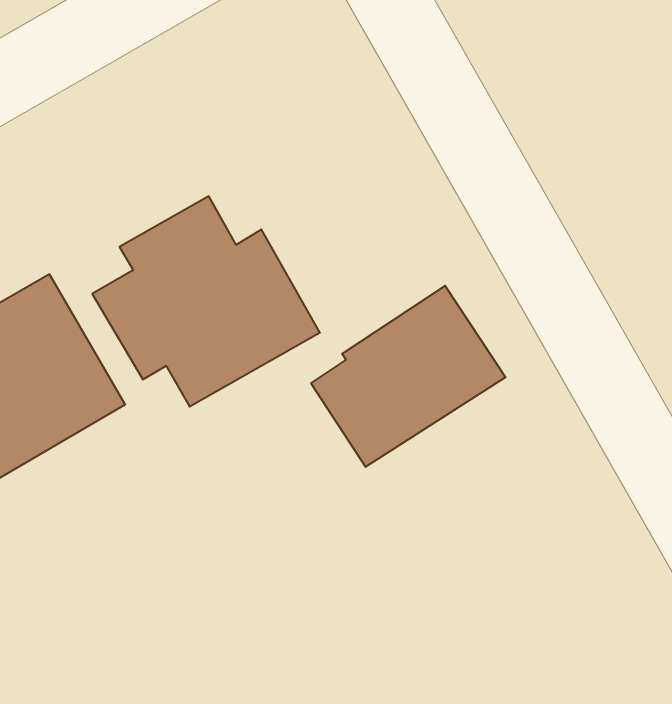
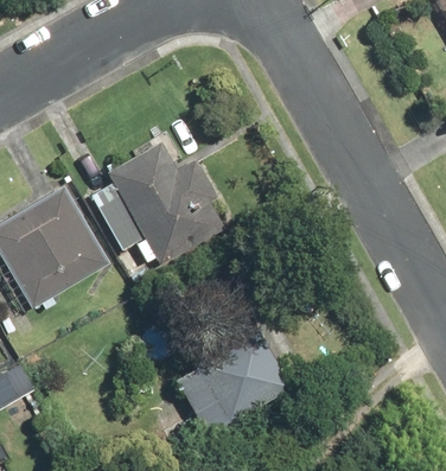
building: [311,286,506,467] -> [176,323,294,433]

